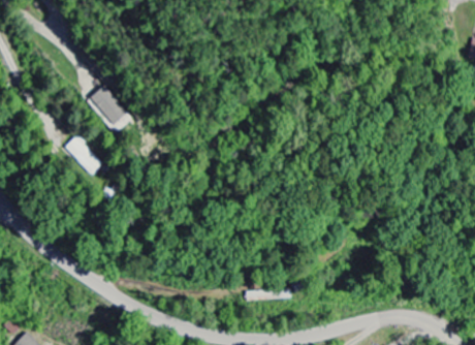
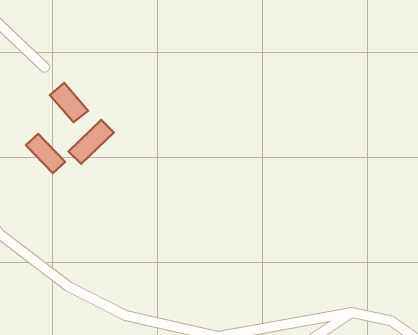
building: none -> [68,120,114,164]

